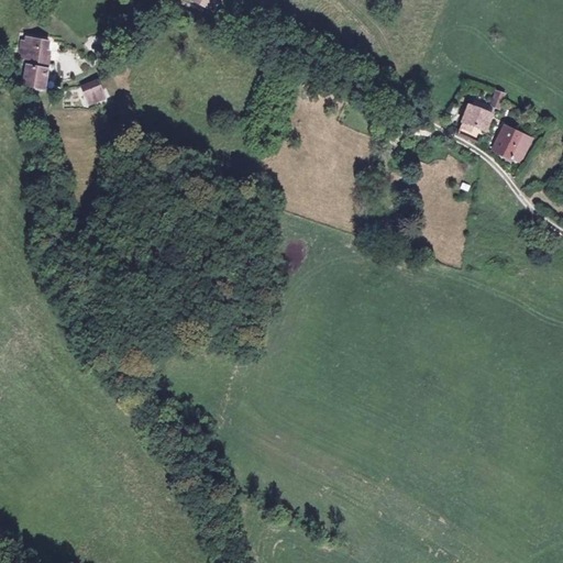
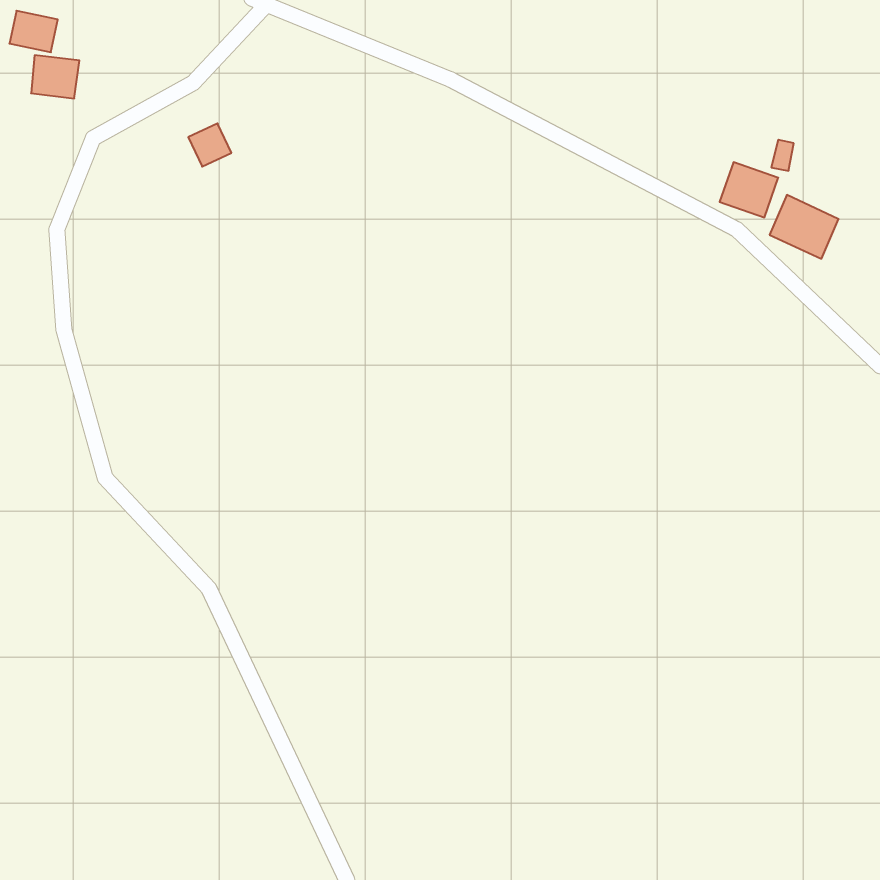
building: [18,63,48,89] -> [9,11,58,52]
building: [78,76,106,103] -> [188,123,231,167]

